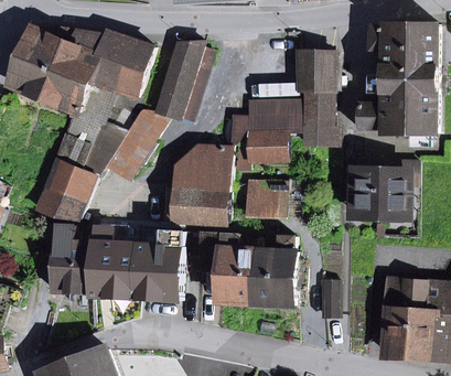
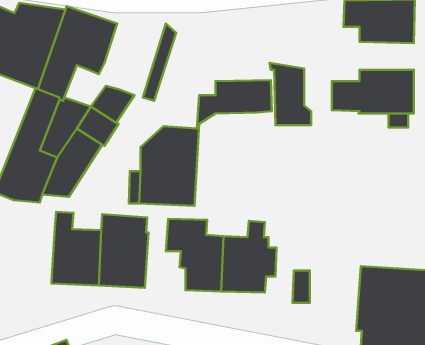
building: [154,42,202,119] -> none
building: [297,53,333,92] -> none
building: [368,66,437,94] -> none
building: [235,133,287,171] -> none
building: [351,160,417,216] -> none
building: [246,183,284,218] -> none
building: [46,225,94,294] -> none

